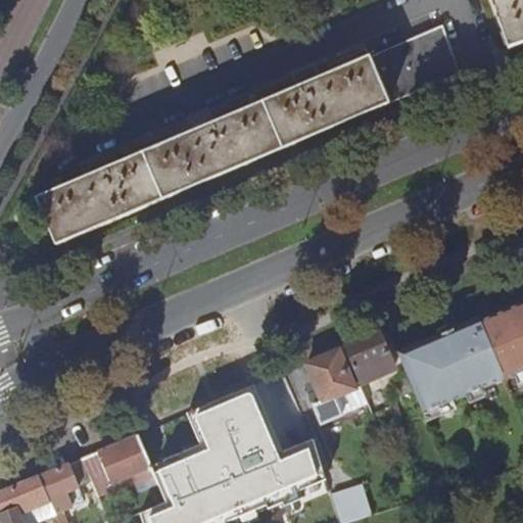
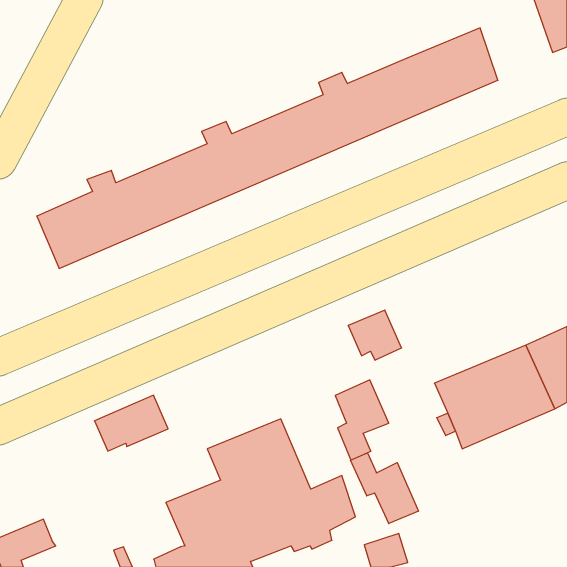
building: [343,332,392,378] -> [348,310,402,360]
building: none -> [351,453,418,524]
building: [83,434,150,485] -> [94,395,168,451]
building: [40,464,78,507] -> none

